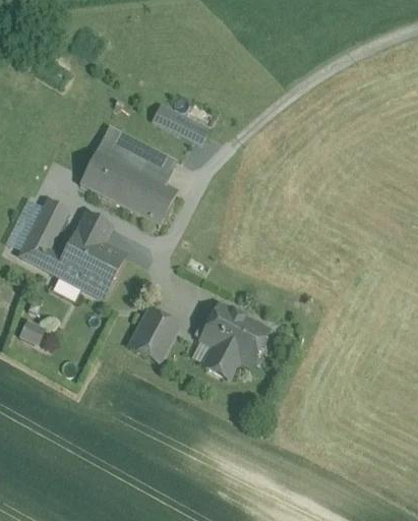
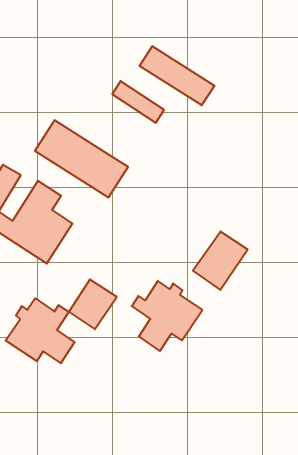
building: [97,127,176,183] -> [139,46,215,105]
building: none -> [193,231,248,290]
building: none -> [6,298,75,363]

